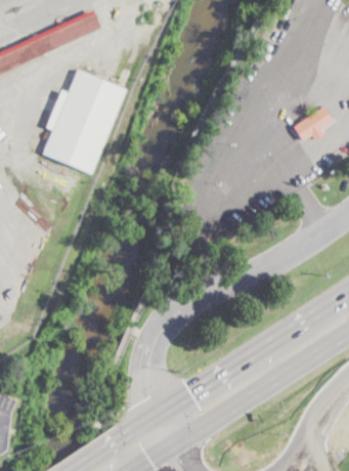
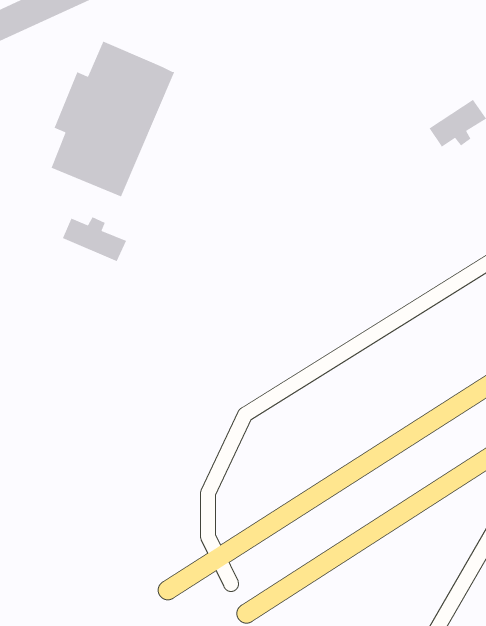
building: none -> [62,216,127,262]

